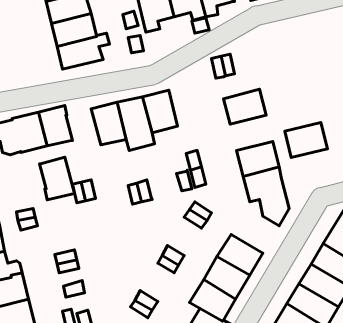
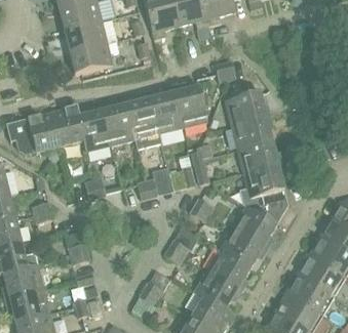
building: none -> [175,86,212,126]
building: [285,122,327,158] -> [232,116,272,149]
building: [40,157,75,200] -> [78,110,111,150]
building: none -> [233,205,276,245]

